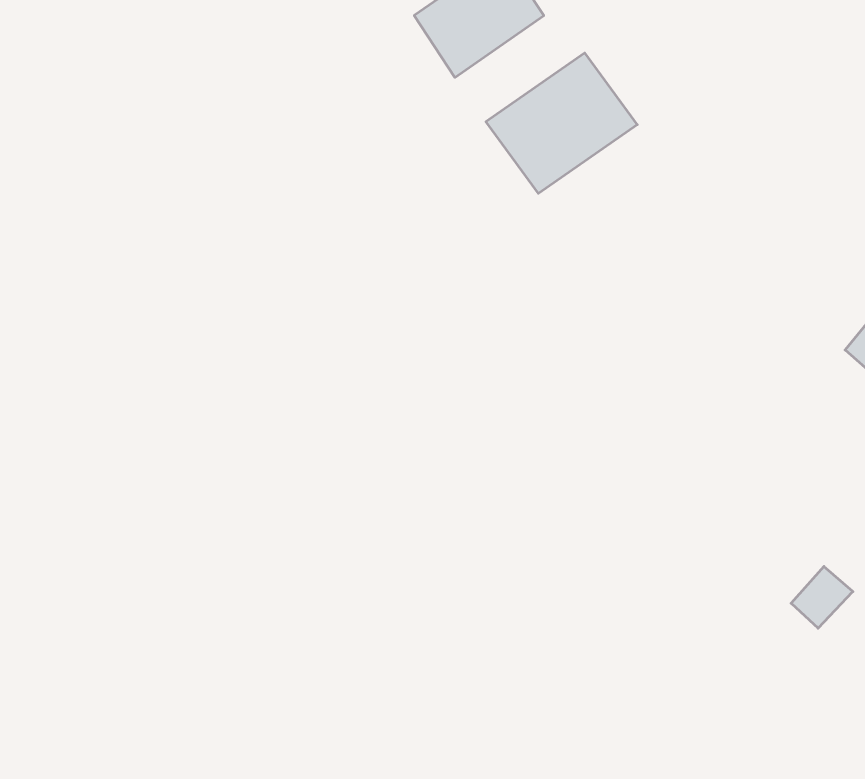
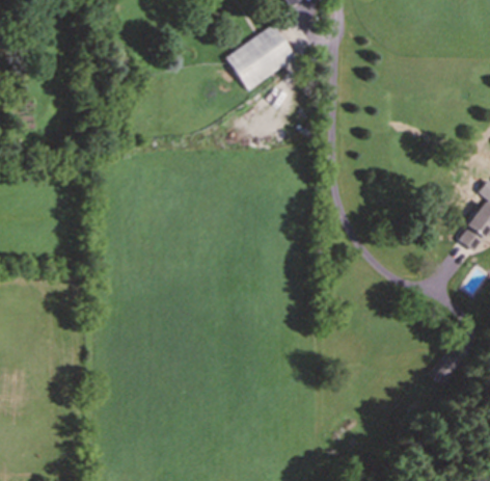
building: [486,53,637,193] -> none

